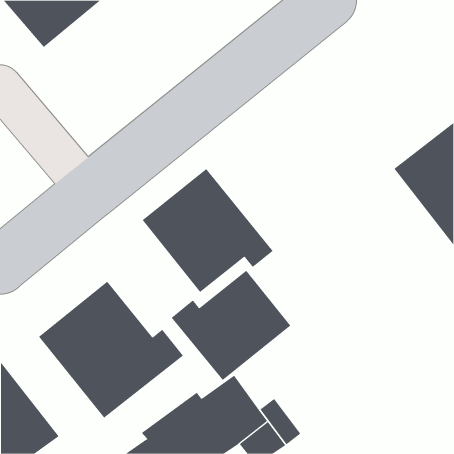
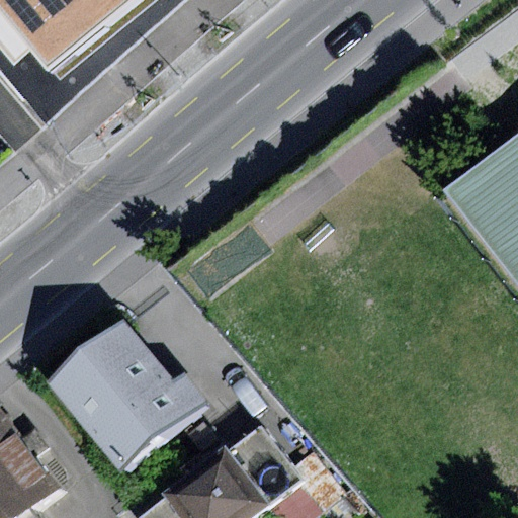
building: [142,168,274,293] -> none
building: [171,270,291,381] -> none

